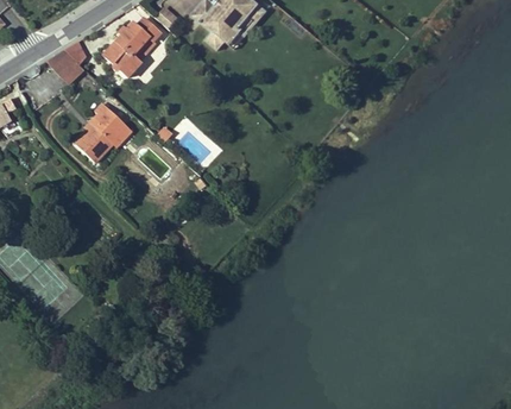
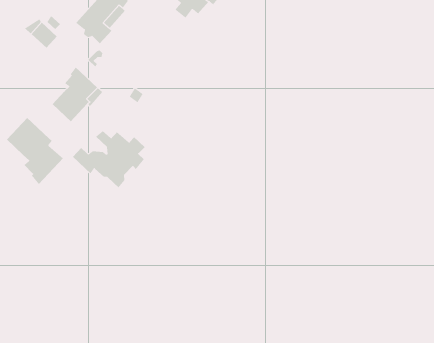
building: none -> [6,117,64,185]
building: none -> [72,130,146,188]

